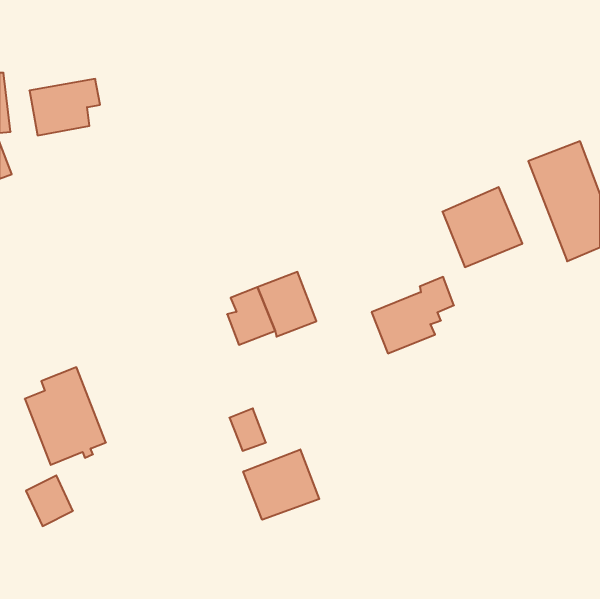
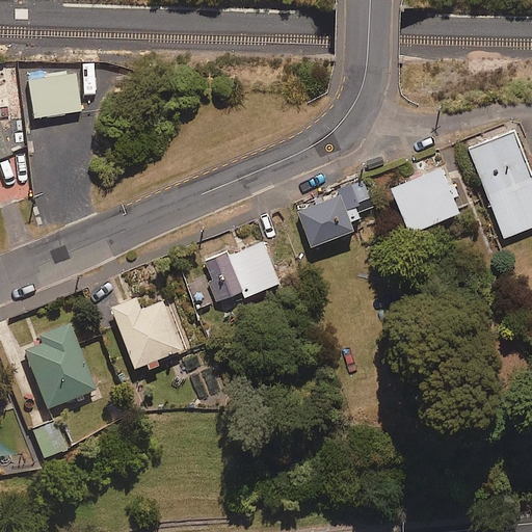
building: [372,277,454,353] -> [299,180,372,247]
building: none -> [112,297,184,373]
building: [243,449,319,520] -> none

